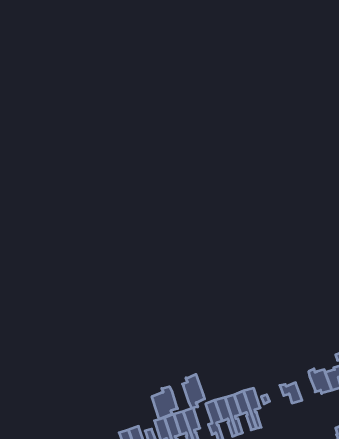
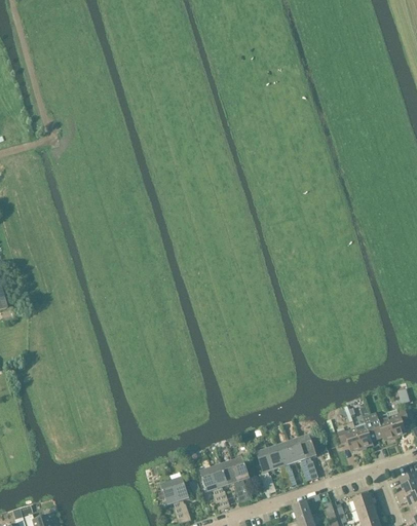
building: none -> [354,415,377,447]
building: [182,374,205,408] -> none
building: [152,387,178,419] -> none

